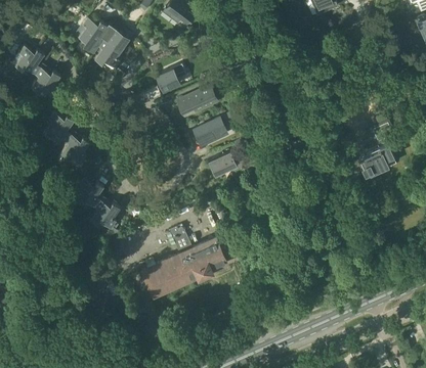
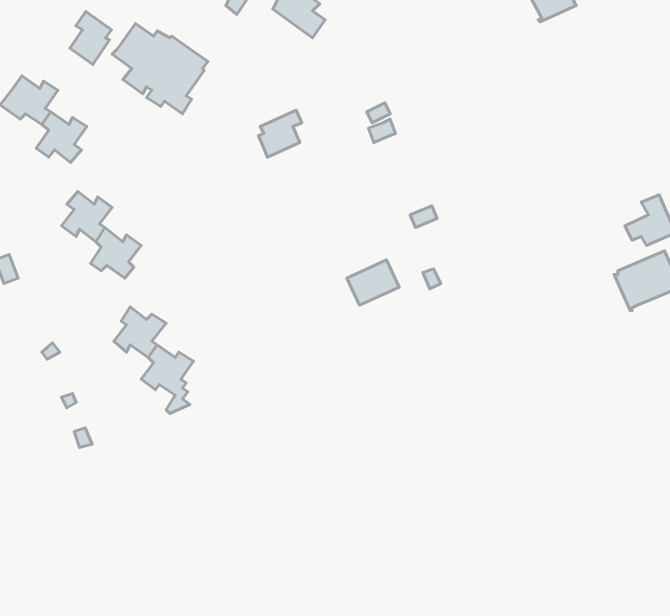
building: none -> [70,11,111,64]
building: [179,89,214,112] -> none
building: [193,113,233,145] -> none
building: [141,226,225,295] -> none

